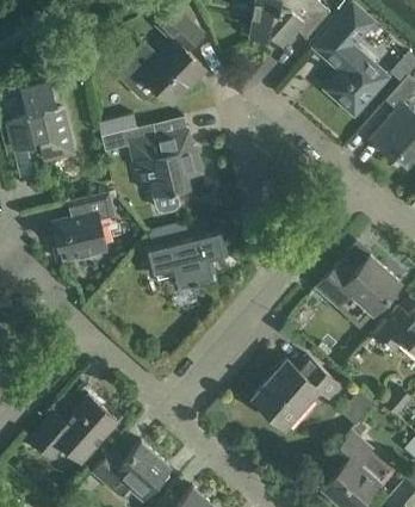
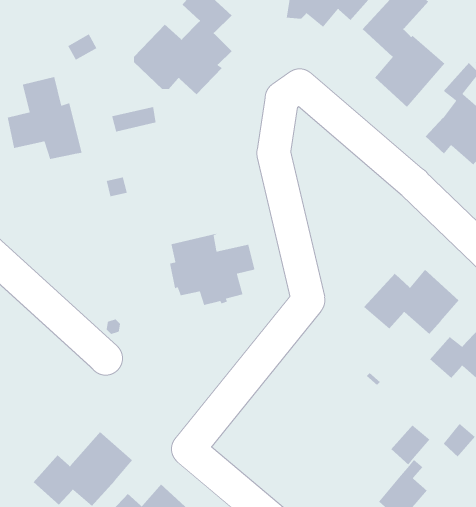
building: [129,131,203,212] -> none
building: [51,196,112,261] -> none
building: [253,353,342,427] -> none

